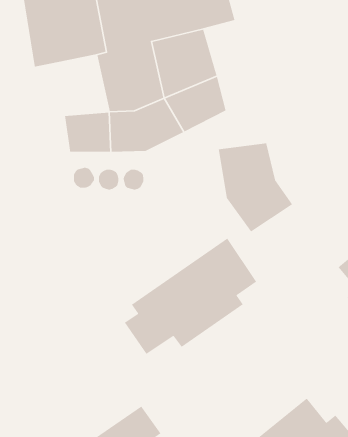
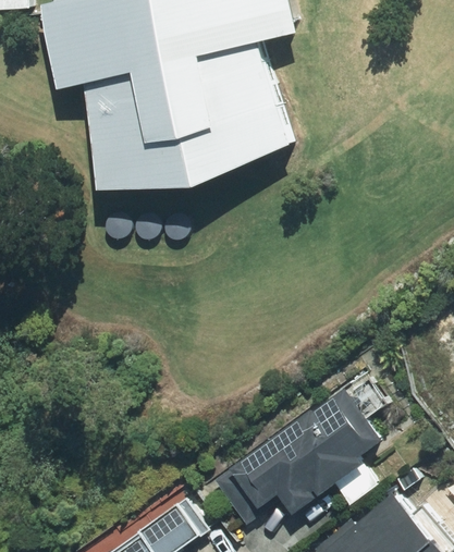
building: none -> [82,75,146,148]
building: [218,142,293,233] -> none
building: [124,238,257,355] -> [219,384,380,526]

